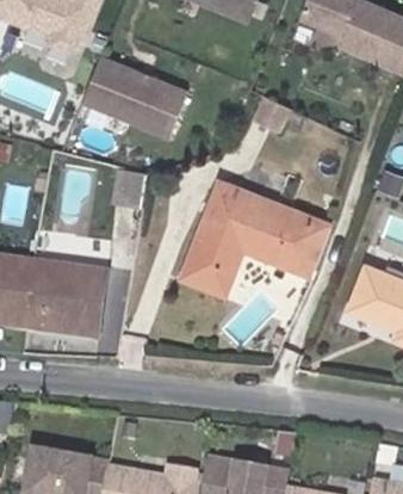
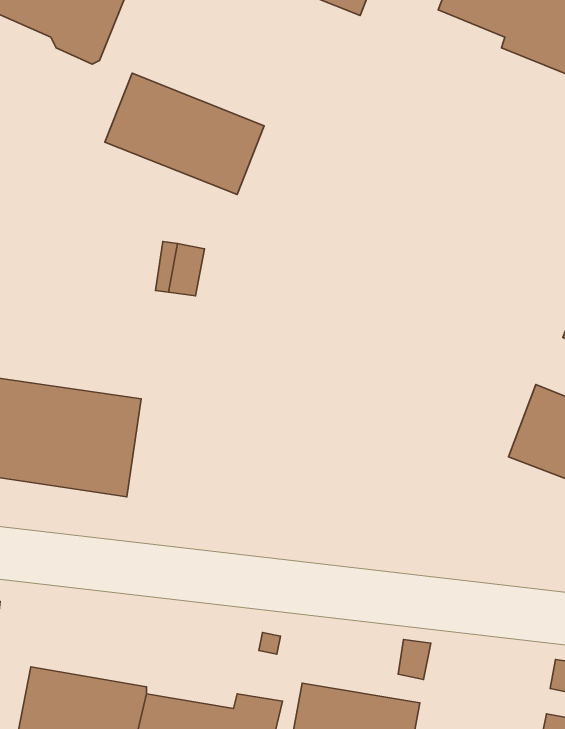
building: [181,181,329,296] -> none

